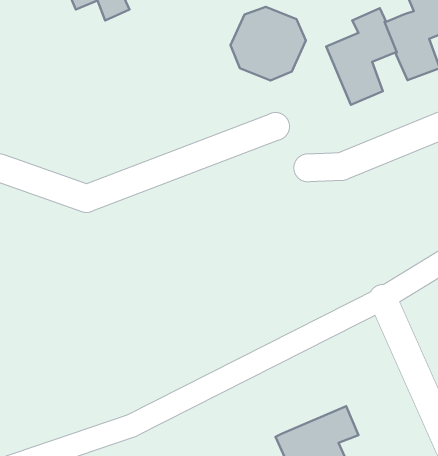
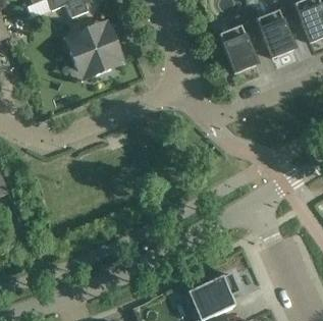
building: [231,7,306,81] -> [69,25,119,74]

